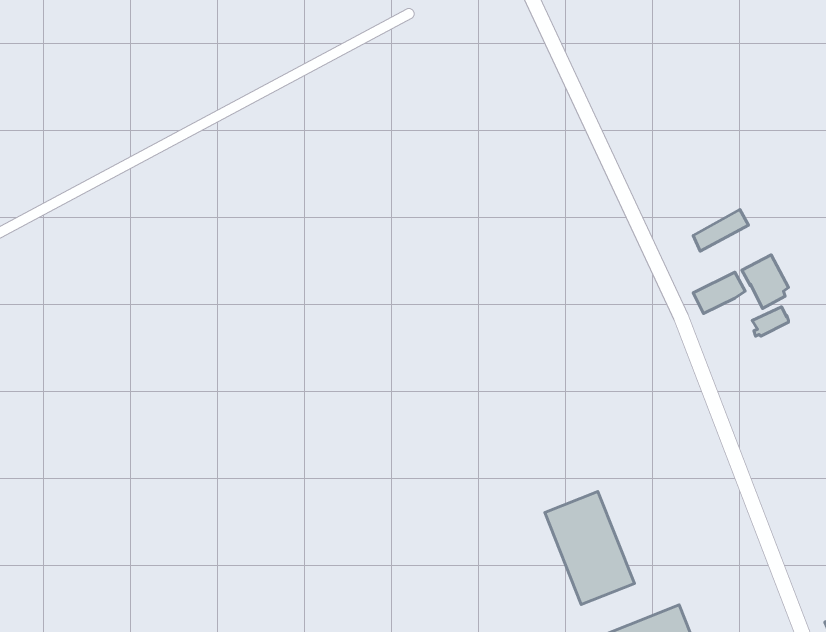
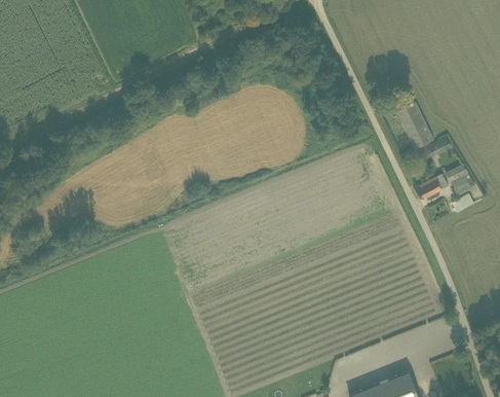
building: none -> [396,103,433,149]
building: [545,491,634,605] -> none

